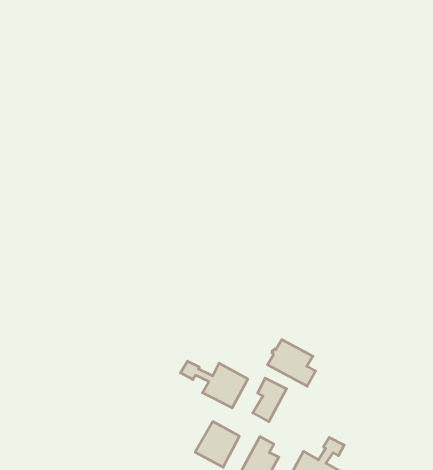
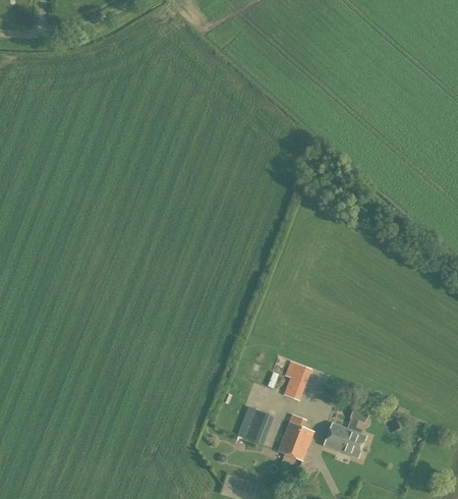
building: [267,340,316,386] -> none
building: [180,361,248,408] -> none

